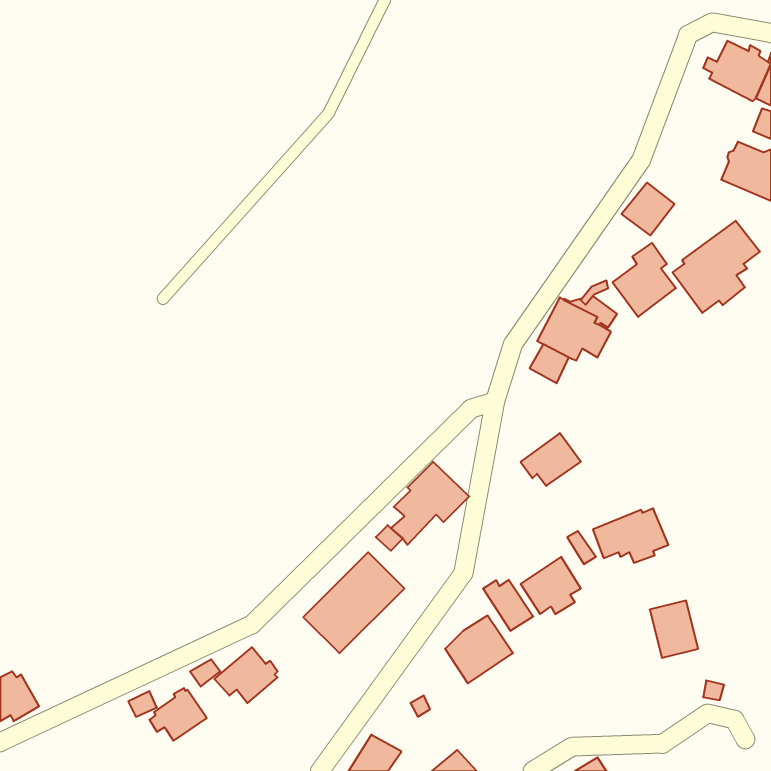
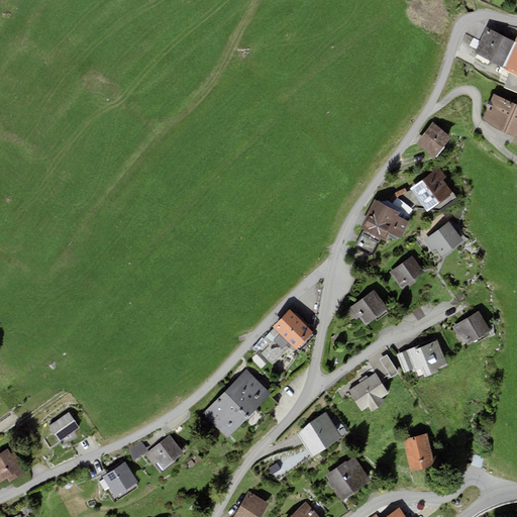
building: [673,221,760,313] -> none
building: none -> [423,221,463,256]
building: none -> [391,256,425,289]
building: none -> [452,311,491,344]
building: [483,580,533,631] -> none
building: [650,601,698,658] -> [403,433,435,472]
building: none -> [49,413,79,441]
building: none -> [325,456,371,500]

